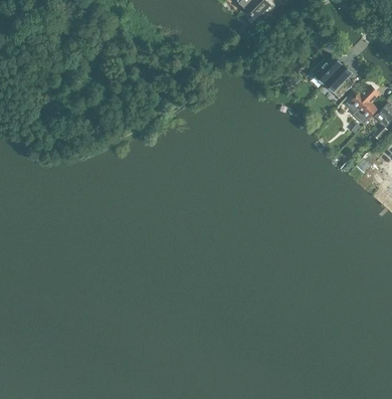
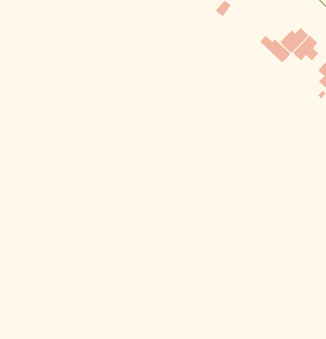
building: none -> [259,35,291,63]

